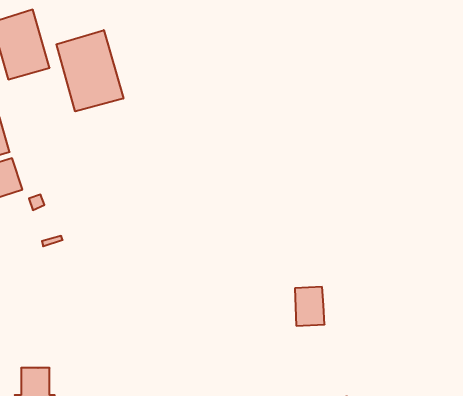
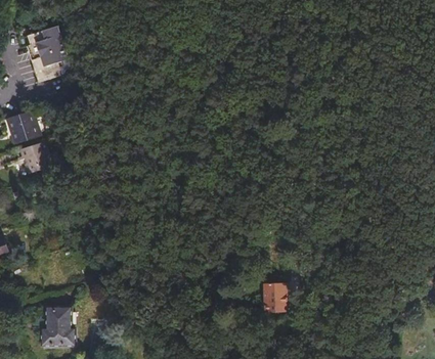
building: [56,30,123,111] -> none
building: [295,287,325,326] -> [262,284,286,315]

